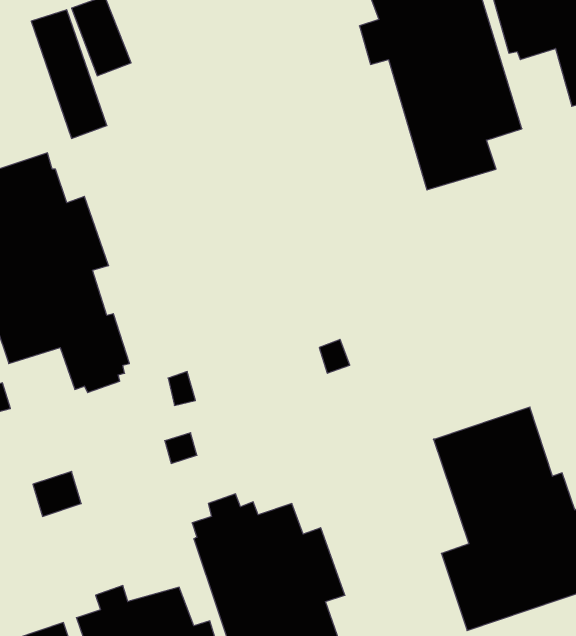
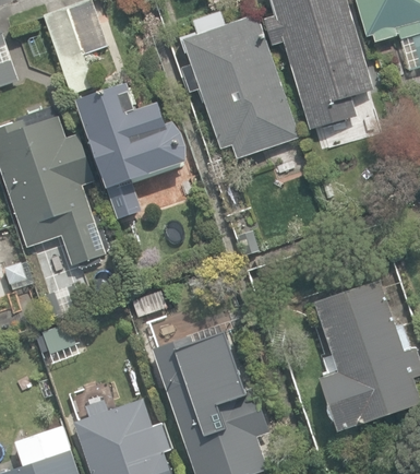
building: none -> [180,11,300,158]
building: none -> [76,84,187,221]

